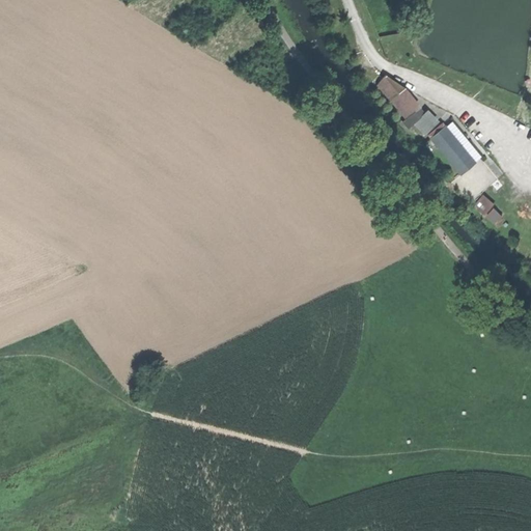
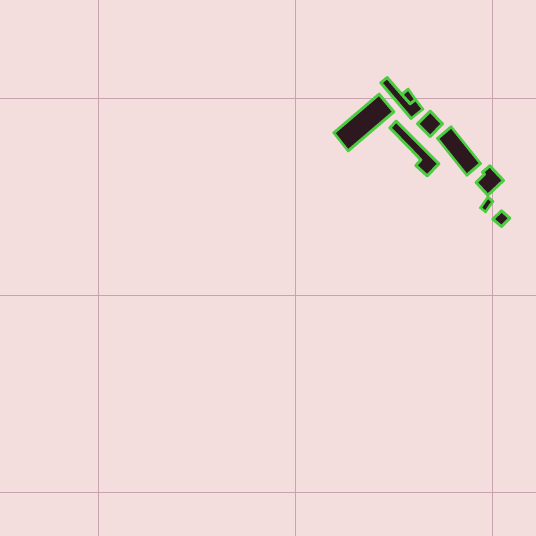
building: none -> [334,94,394,151]
building: none -> [390,121,439,176]

